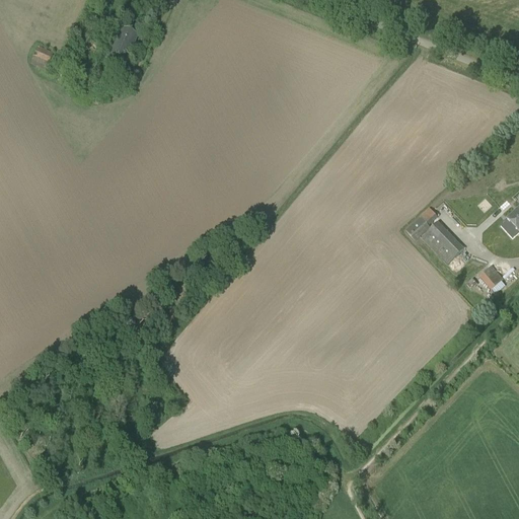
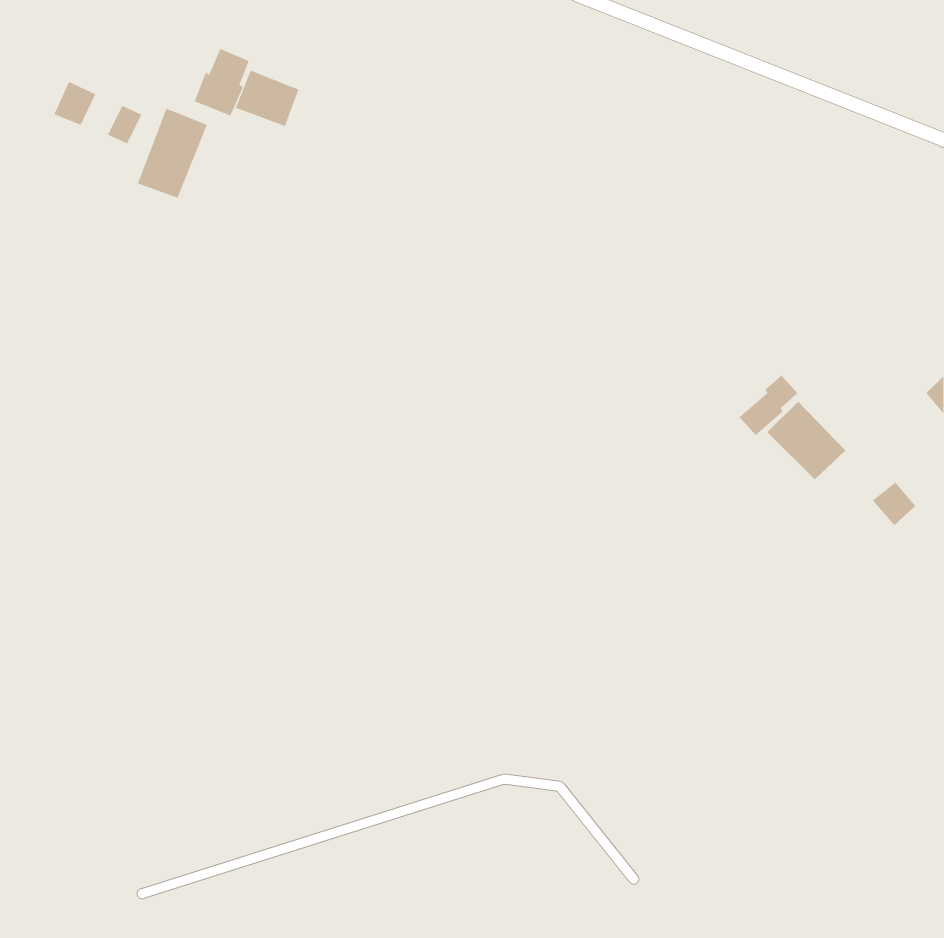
building: none -> [235,70,299,127]
building: none -> [137,108,208,199]

